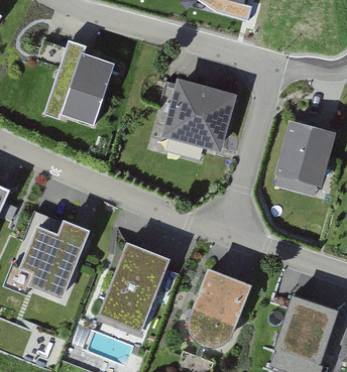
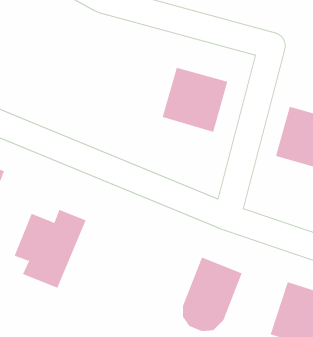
building: [57,47,115,126] -> none
building: [95,244,167,333] -> none

